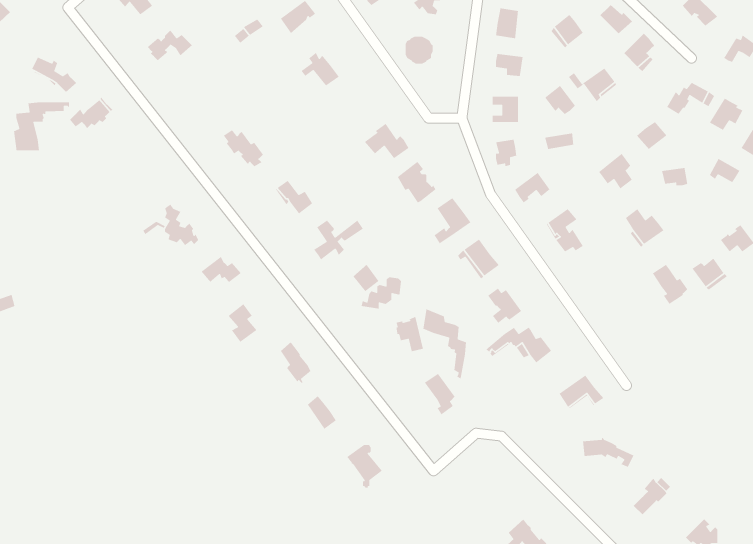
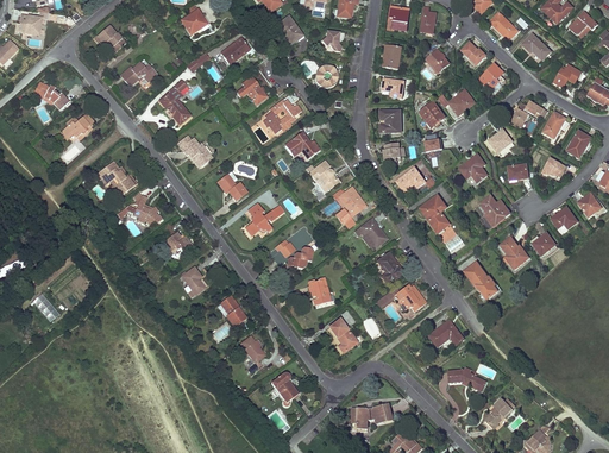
building: none -> [159,81,189,122]
building: none -> [263,94,301,132]
building: [13,102,70,151] -> none
building: none -> [100,161,134,195]
building: none -> [464,262,500,298]
building: [422,308,467,380] -> none
building: none -> [352,403,393,430]

